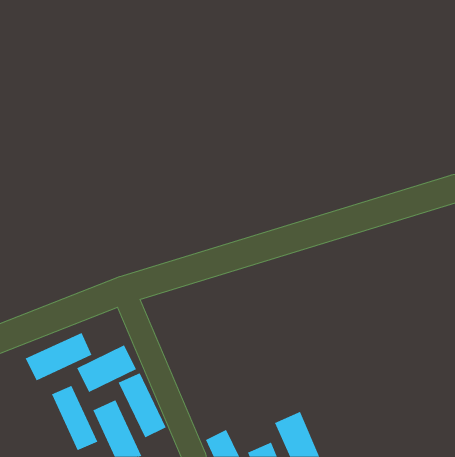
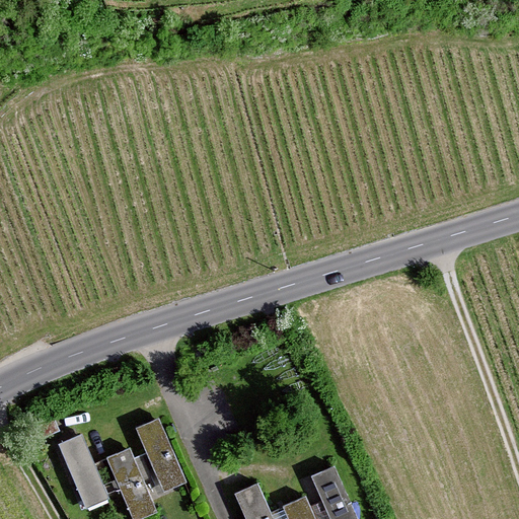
building: [25,332,92,381] -> none
building: [76,345,137,393] -> none

